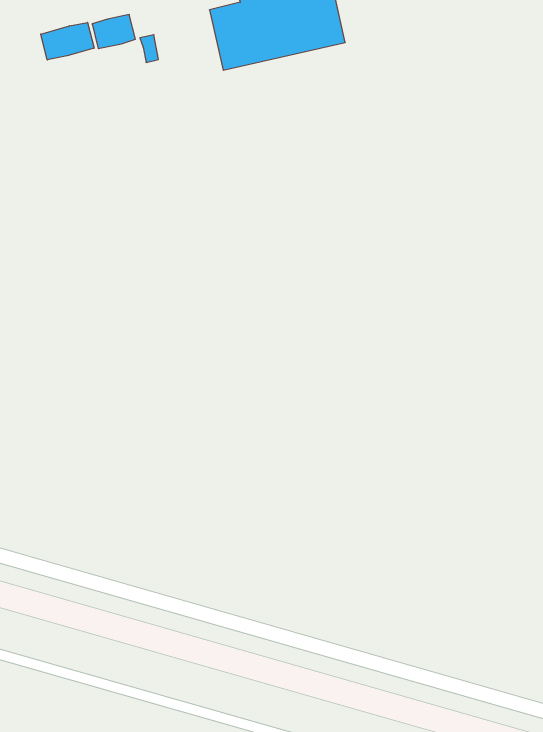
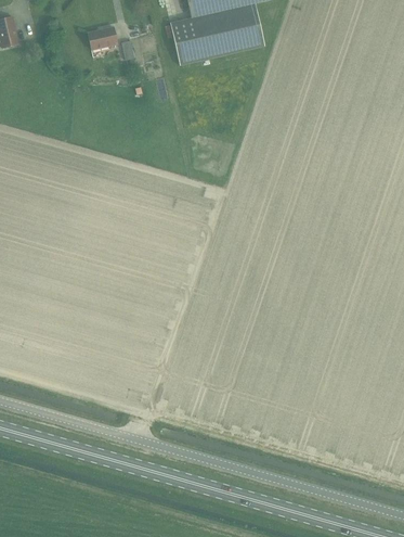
building: [41,22,94,60] -> none

